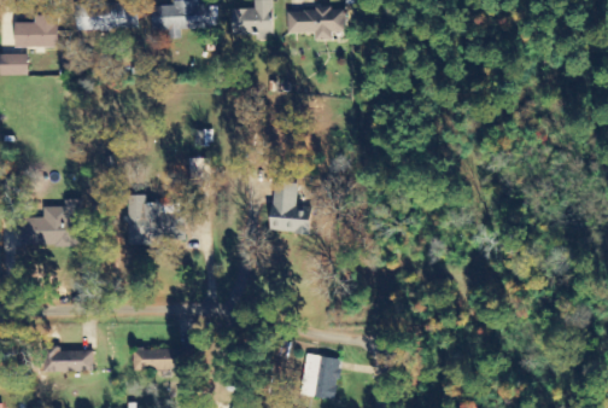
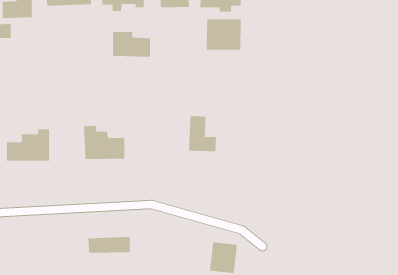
building: none -> [206,18,242,50]
building: none -> [112,31,151,57]
building: [47,348,93,371] -> none

